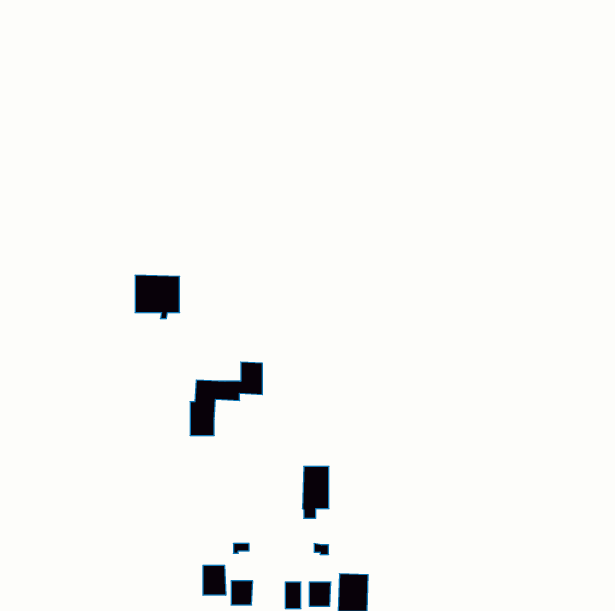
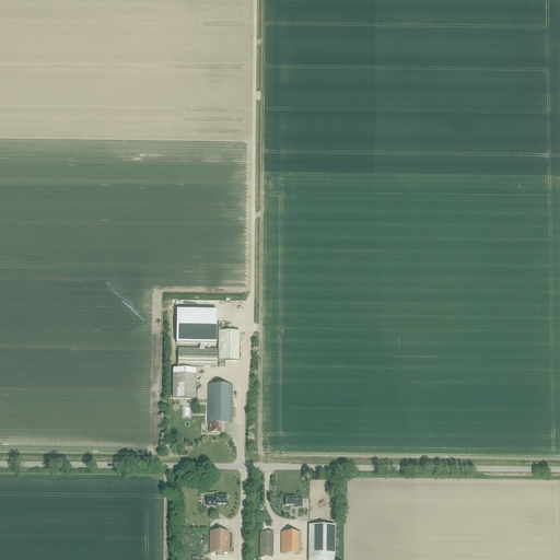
building: [135,275,180,319] -> [176,307,217,347]
building: [302,466,329,518] -> [208,383,232,430]
building: [203,565,226,595] -> none

